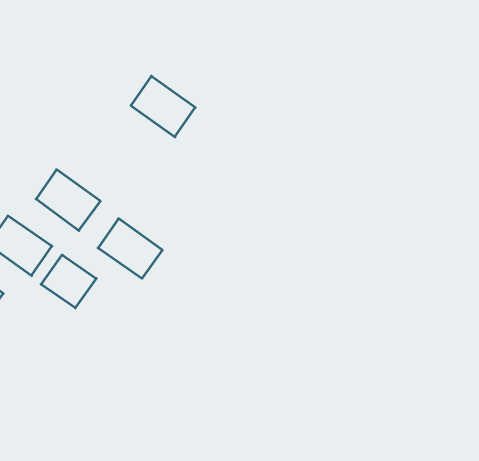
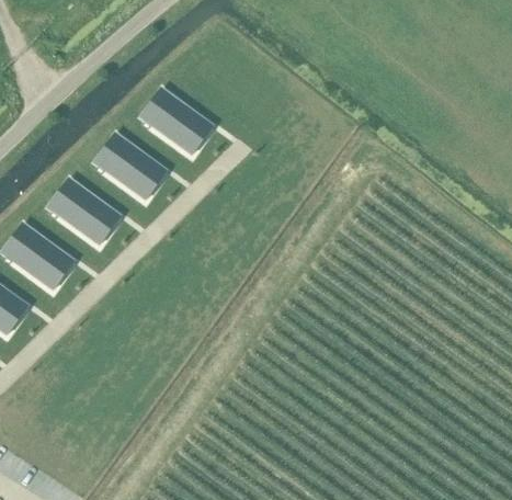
building: [98,219,162,278] -> [101,138,163,196]
building: [41,255,96,308] -> none

